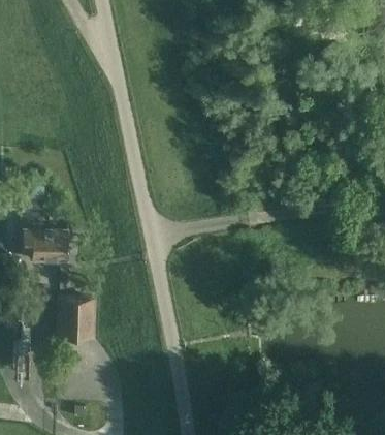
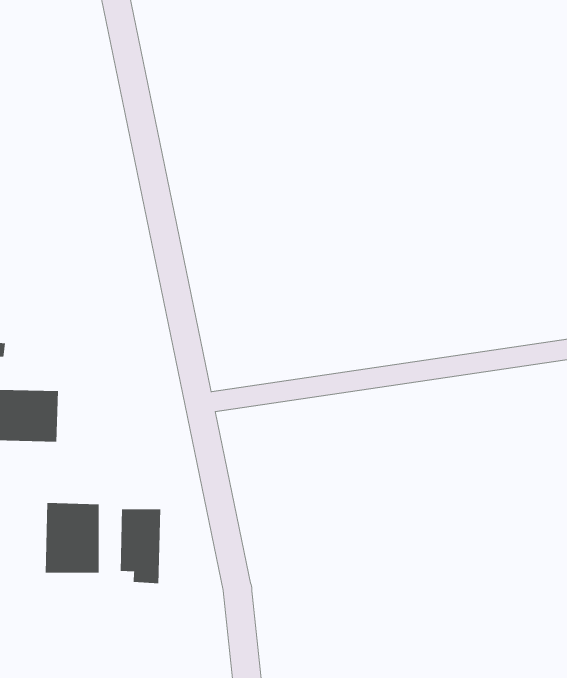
building: none -> [120,509,161,584]

